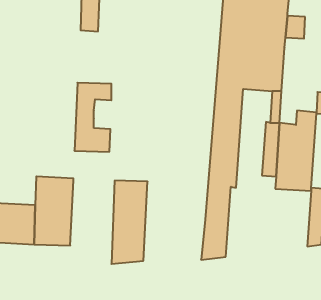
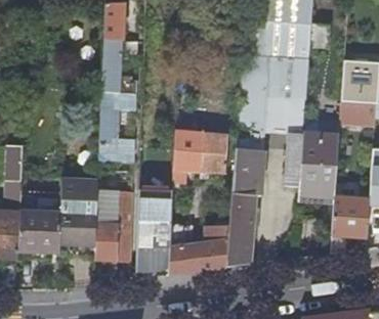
building: none -> [102,40,138,93]
building: none -> [168,131,229,274]
building: none -> [95,189,132,262]

